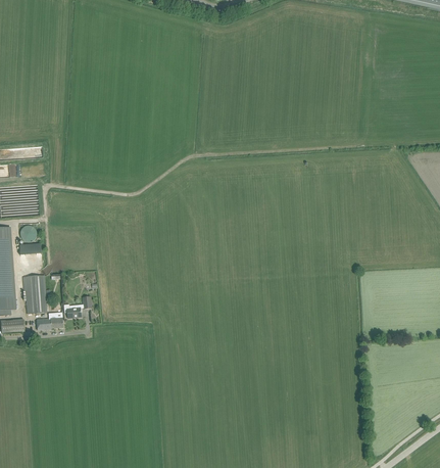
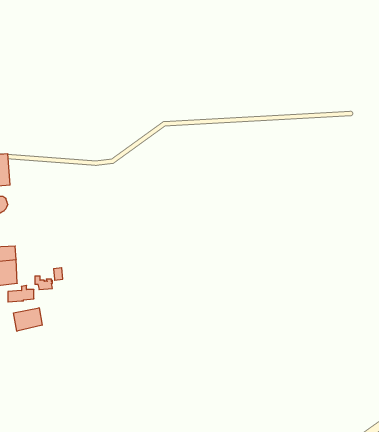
building: none -> [14,308,42,331]

